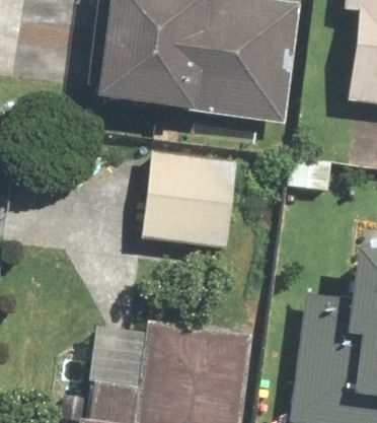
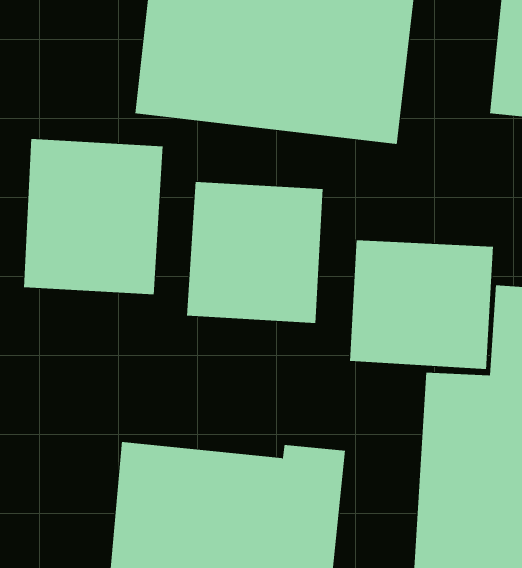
building: none -> [24,138,163,295]
building: none -> [349,239,494,370]

